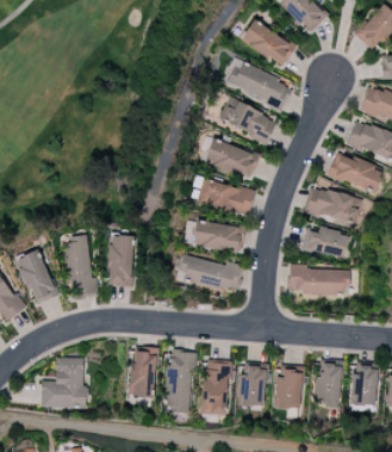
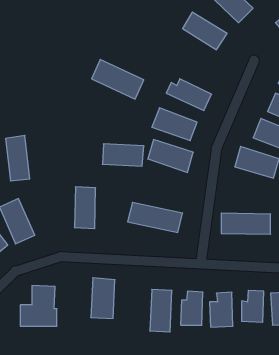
building: [225,58,290,107] -> [92,59,144,99]
building: [193,222,244,249] -> [102,144,144,166]
building: [303,225,348,259] -> none
building: [63,236,93,292] -> [6,135,30,181]
building: [163,351,197,421] -> none

